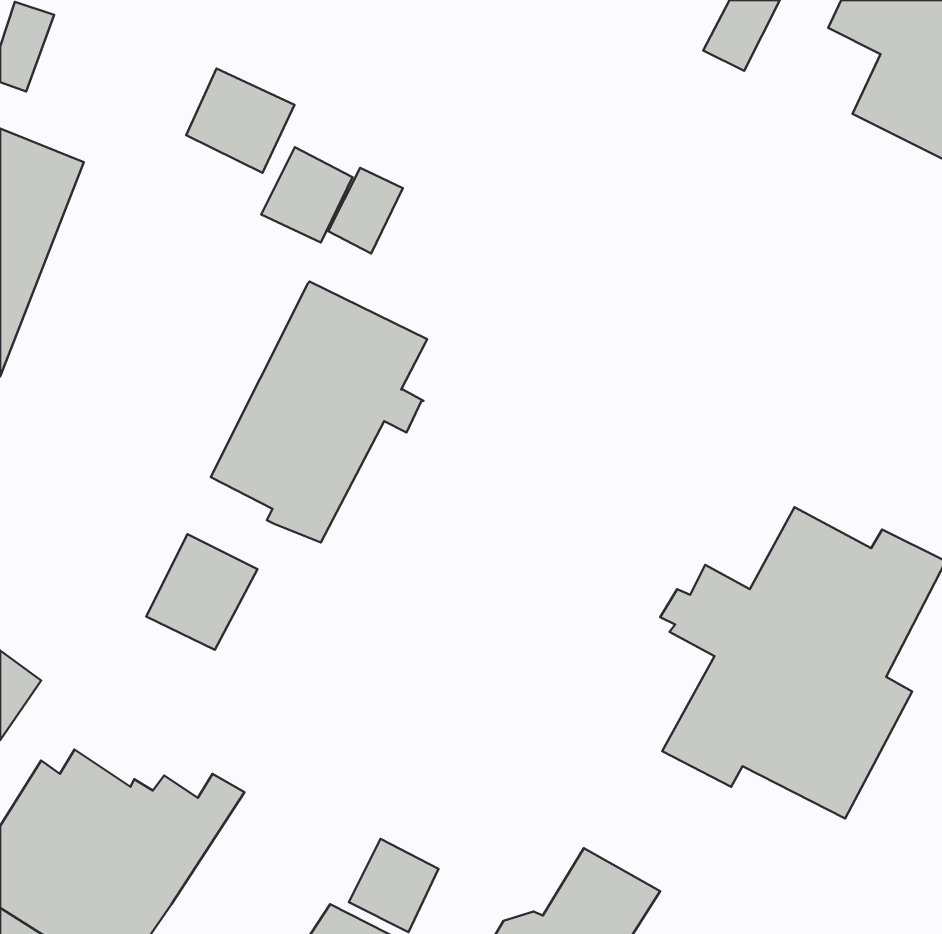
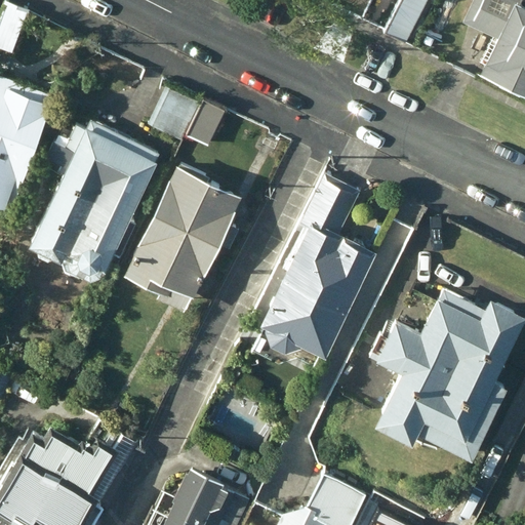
building: [186,68,294,173] -> none
building: none -> [24,122,160,284]
building: none -> [252,175,377,370]
building: [146,534,257,650] -> none

